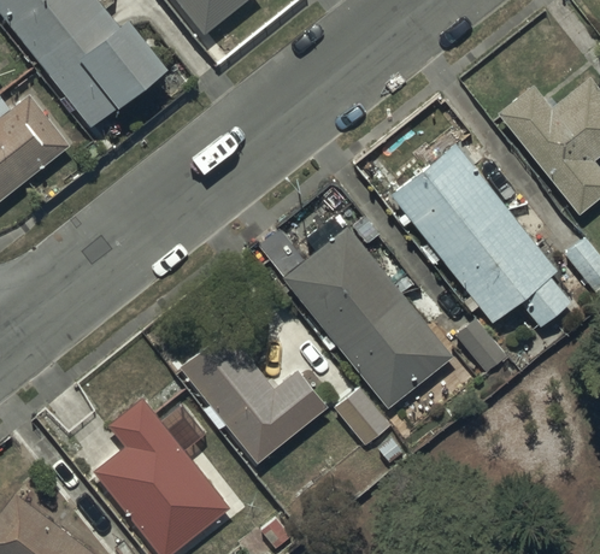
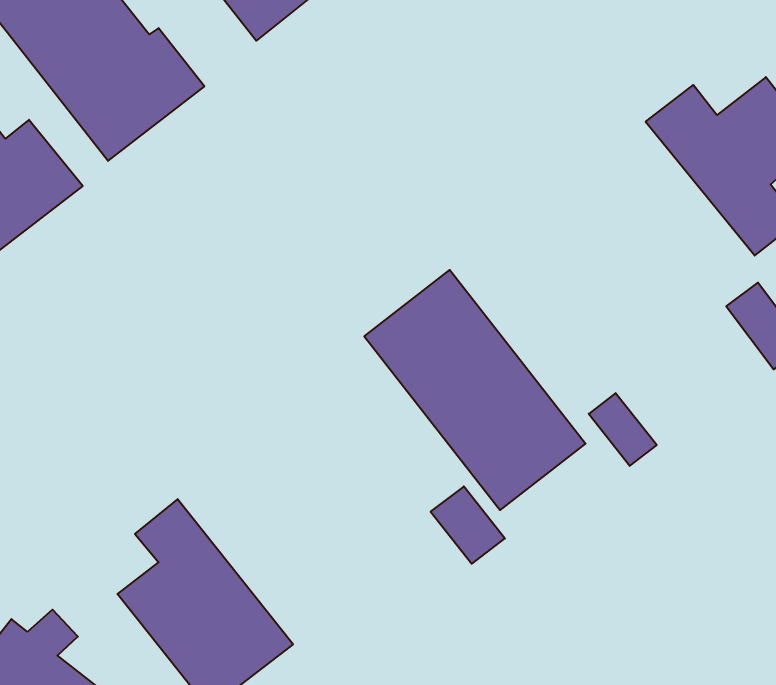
building: [392,141,571,325] -> none
building: [181,326,327,461] -> none

